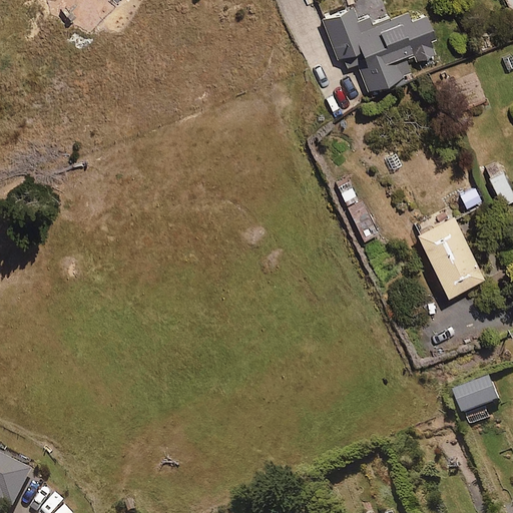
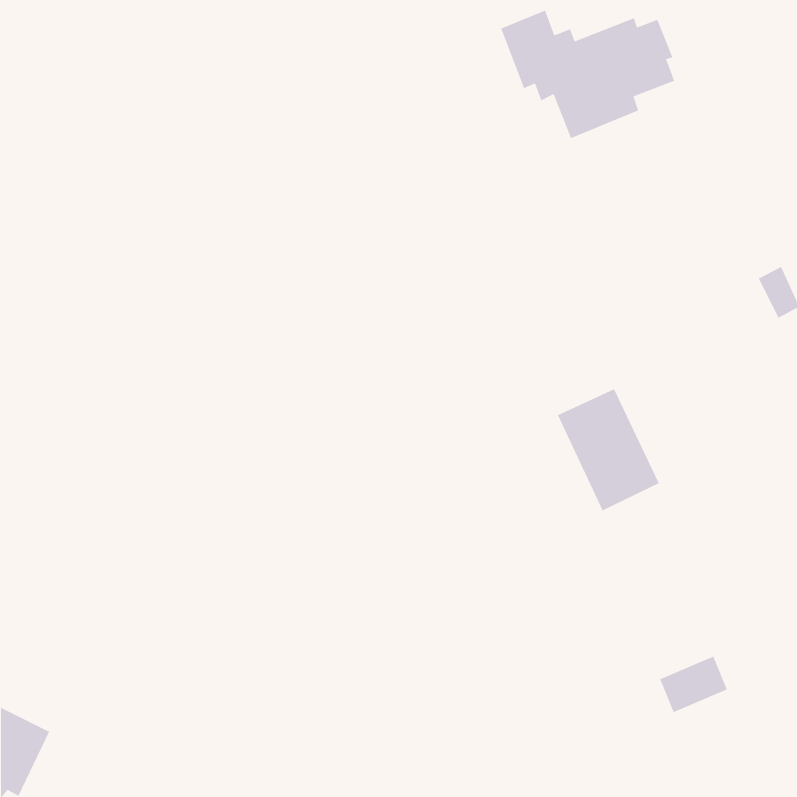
building: [417,217,483,297] -> [557,388,660,512]
building: [456,378,500,415] -> [659,655,728,713]

